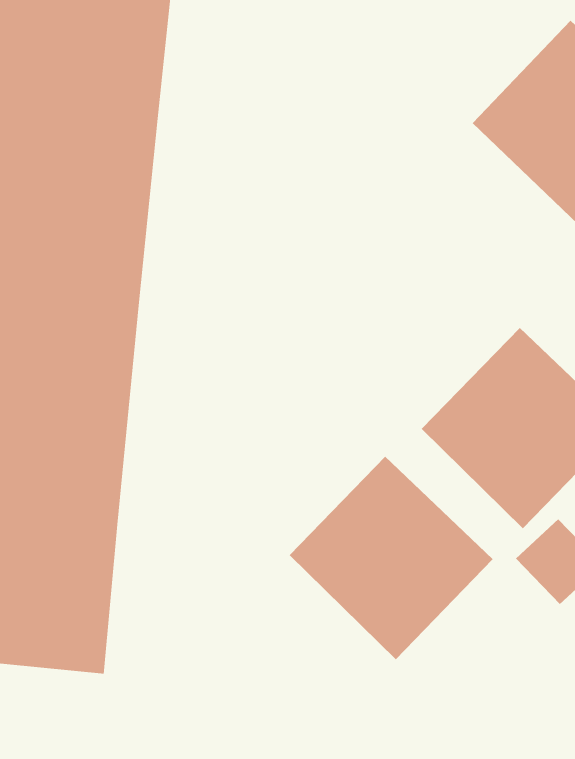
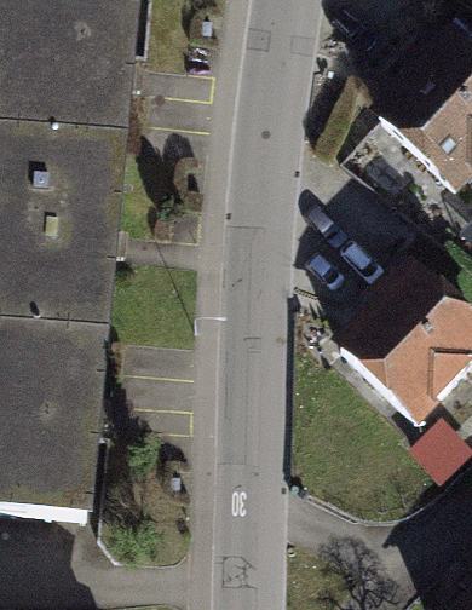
building: [289,456,494,660] -> none

